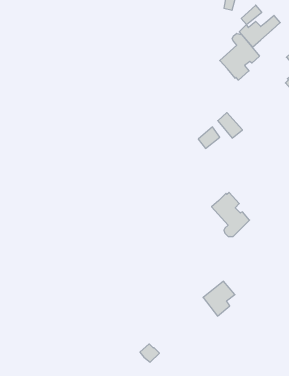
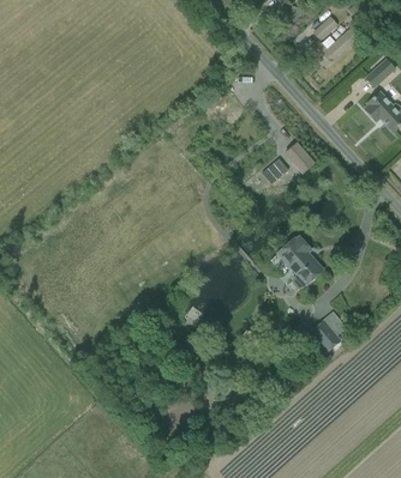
building: [220,33,259,80] -> none
building: [203,281,235,316] -> [310,310,347,351]

